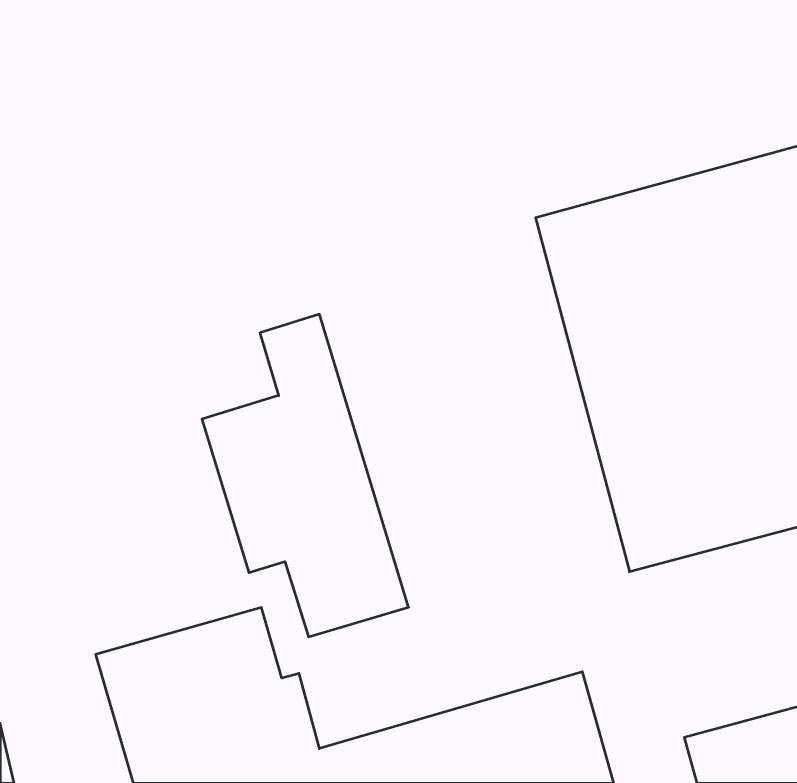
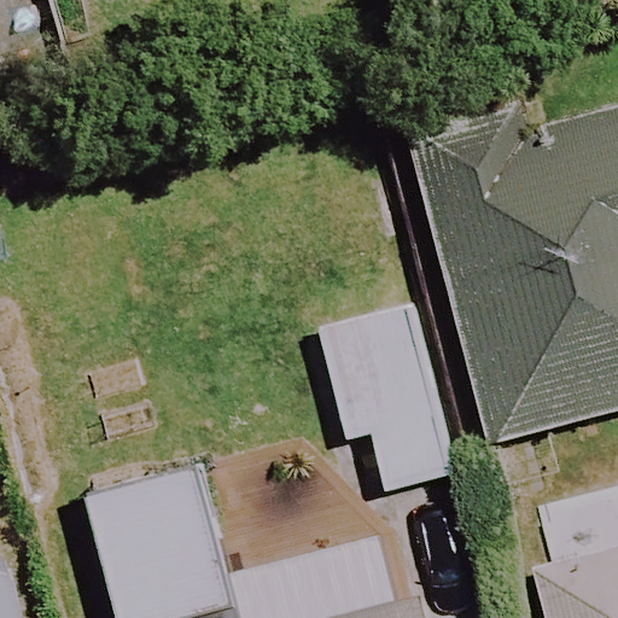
building: [202,314,409,637] -> [302,251,461,500]

